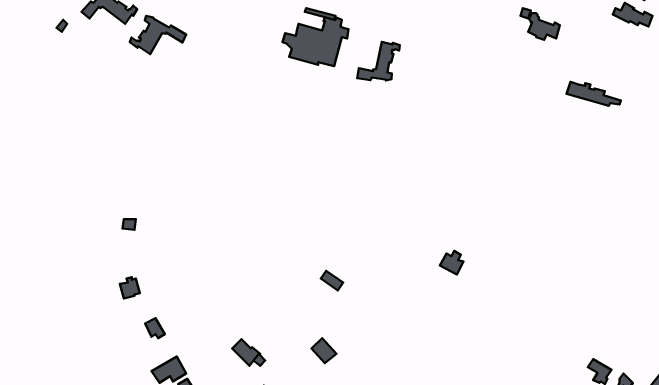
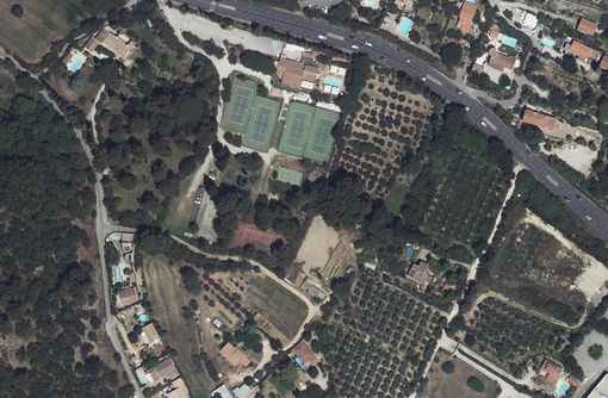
building: [130,16,186,54] -> none
building: [357,42,400,80] -> none

